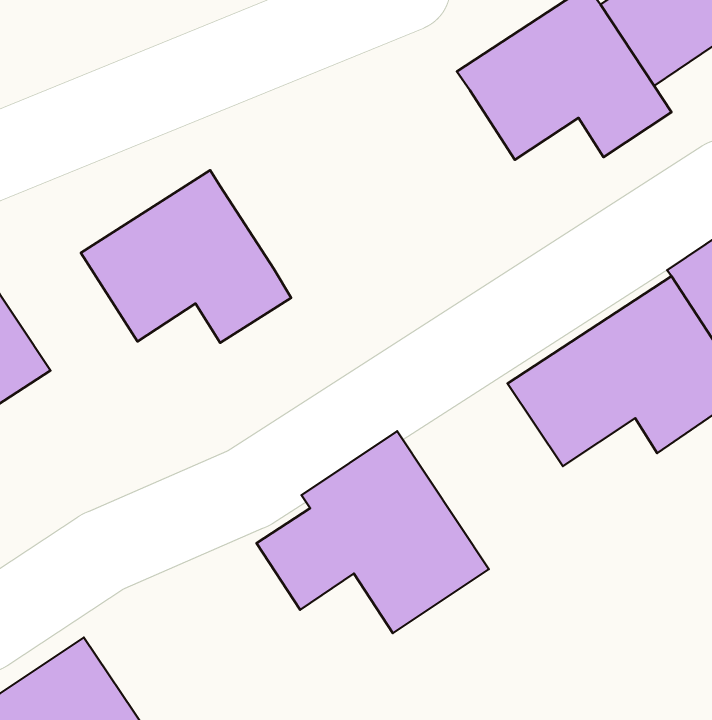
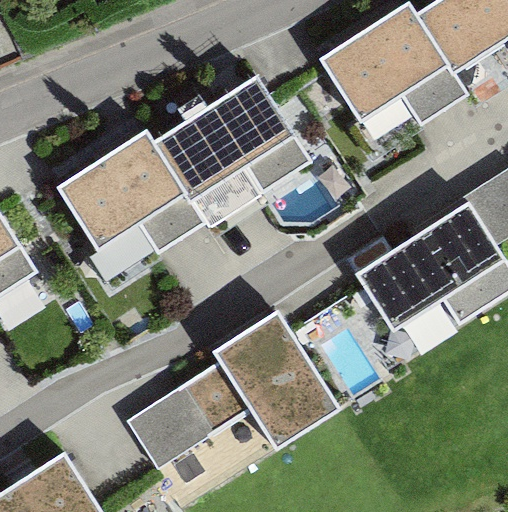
building: none -> [156,76,310,198]
building: none -> [125,387,211,470]

